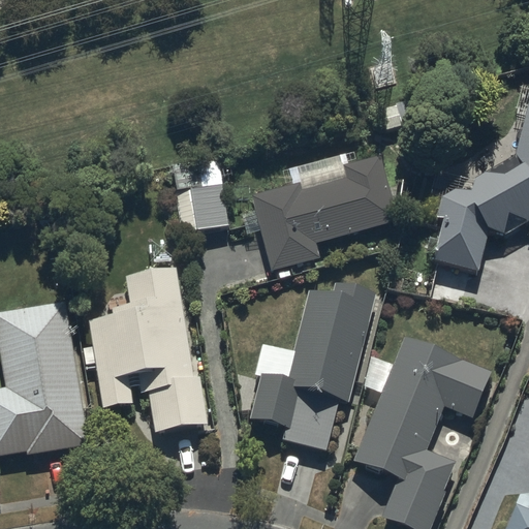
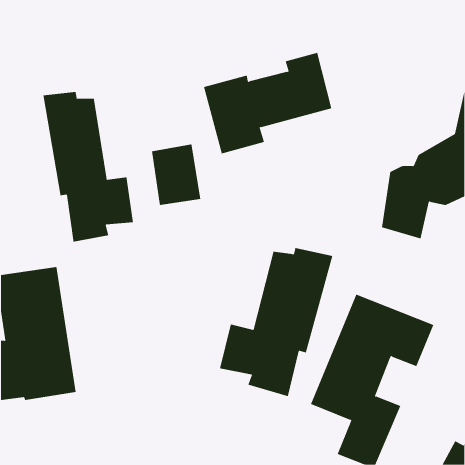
building: none -> [43,91,134,243]
building: [250,154,397,270] -> [203,52,332,154]
building: [82,267,206,430] -> none

